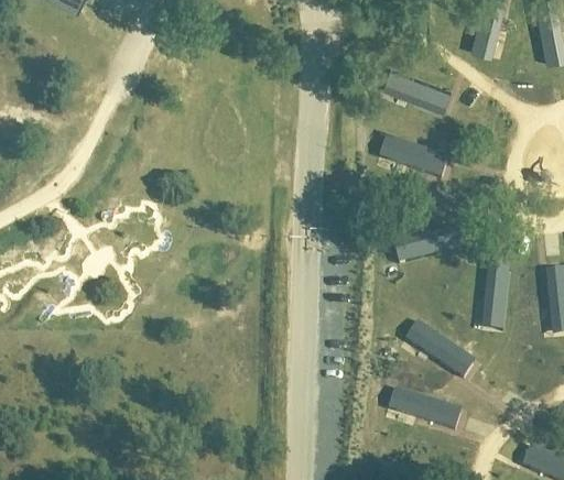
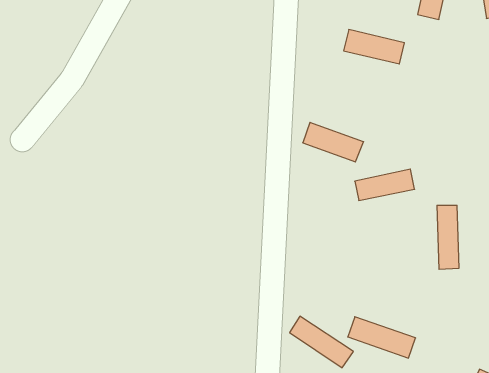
building: [381,132,447,175] -> [303,122,364,162]
building: [406,319,476,375] -> [290,316,353,368]

